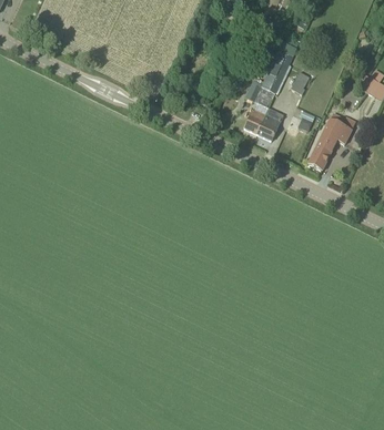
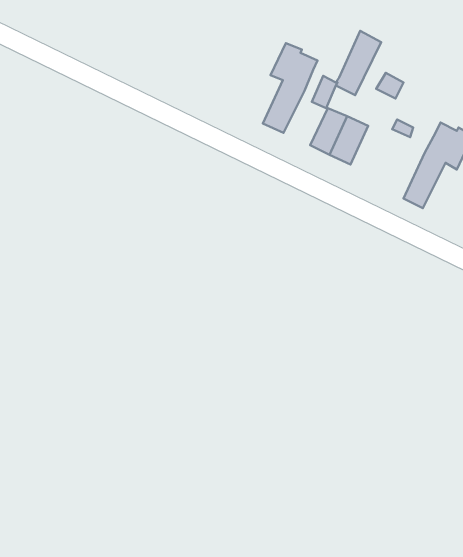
building: none -> [263,43,317,133]

